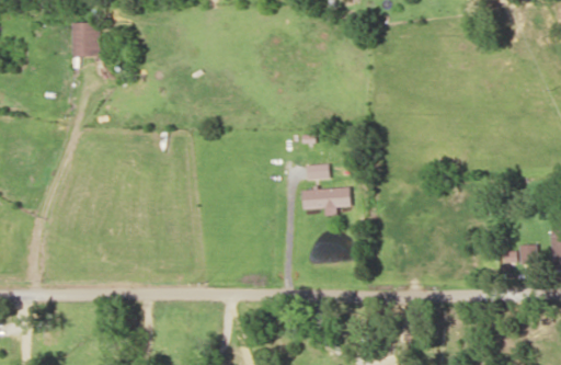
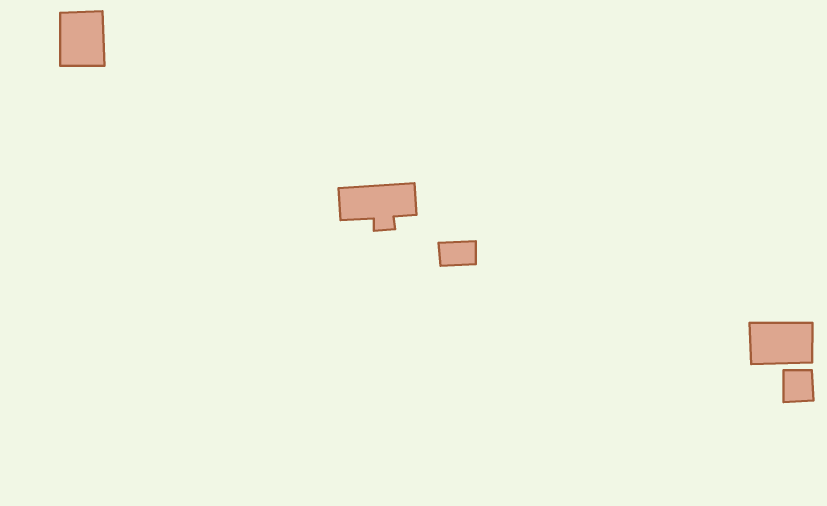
building: [302,186,351,216] -> [339,183,416,231]
building: none -> [750,323,813,364]

